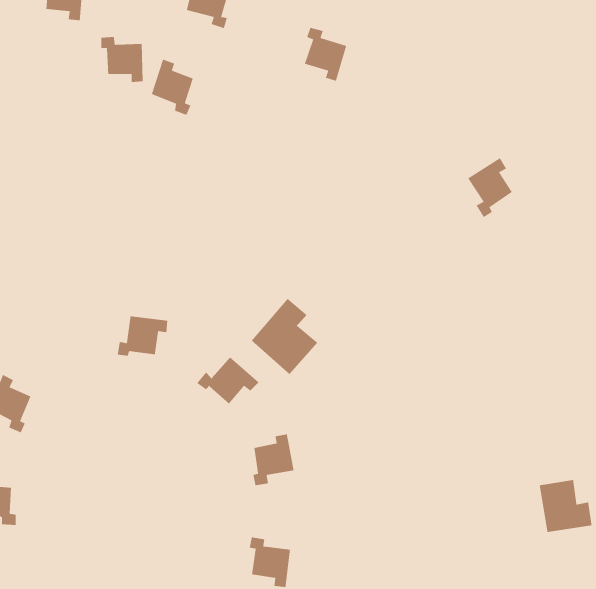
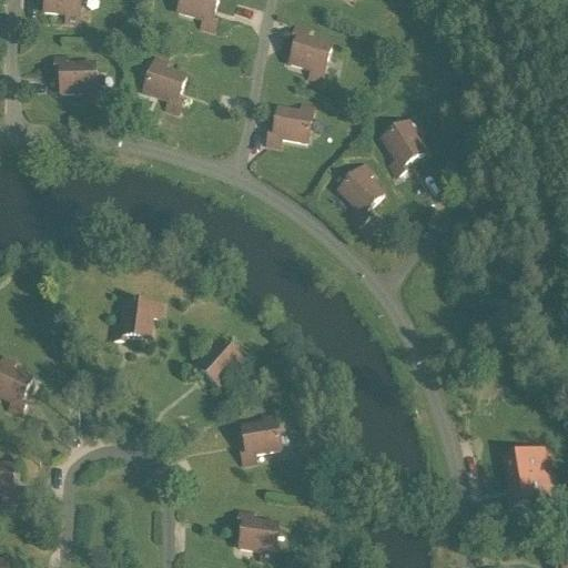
building: [100,36,144,83] -> [53,54,94,99]
building: none -> [265,103,312,143]
building: [467,157,513,218] -> [381,116,424,174]
building: none -> [337,163,383,222]
building: [251,298,318,375] -> none

